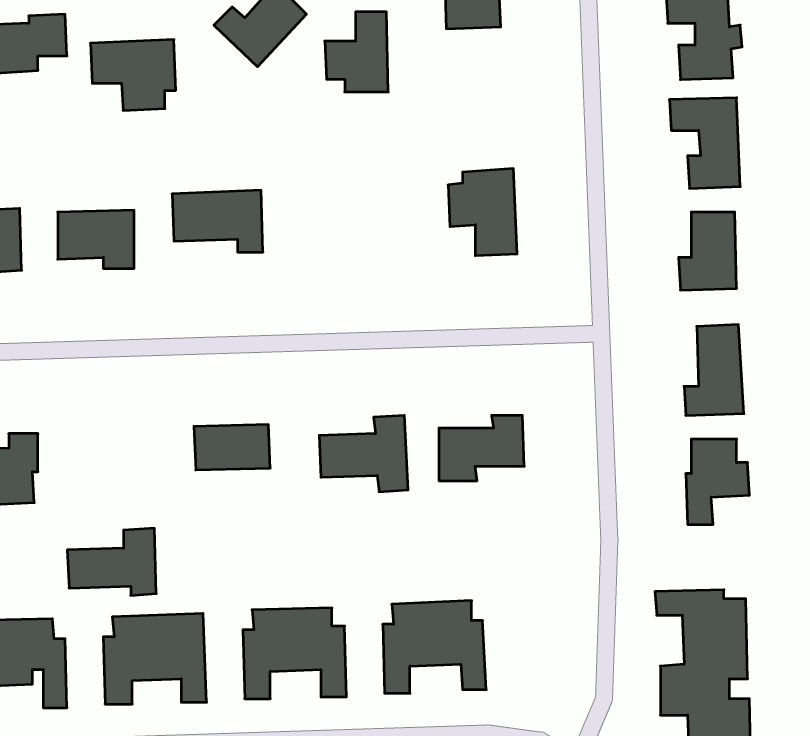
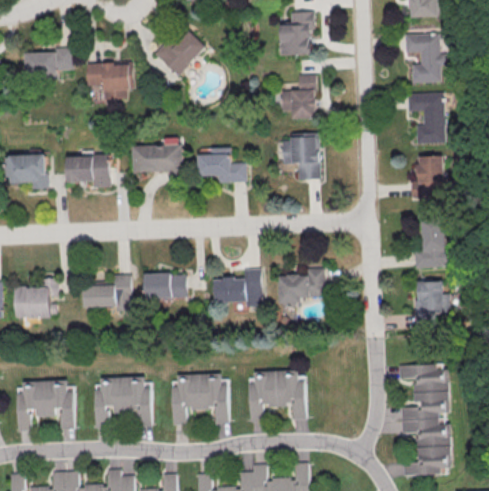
building: [325,12,388,92] -> [283,74,318,118]
building: none -> [198,147,247,183]
building: [67,528,156,595] -> [83,274,132,311]

